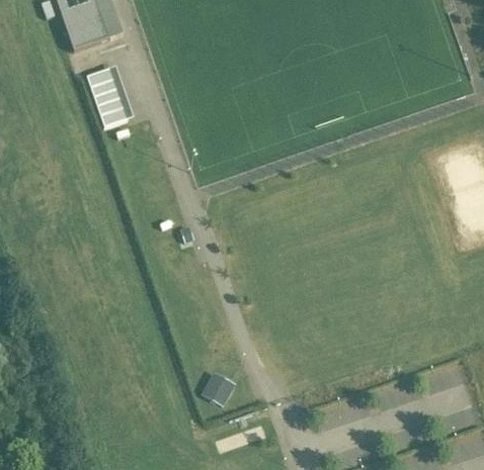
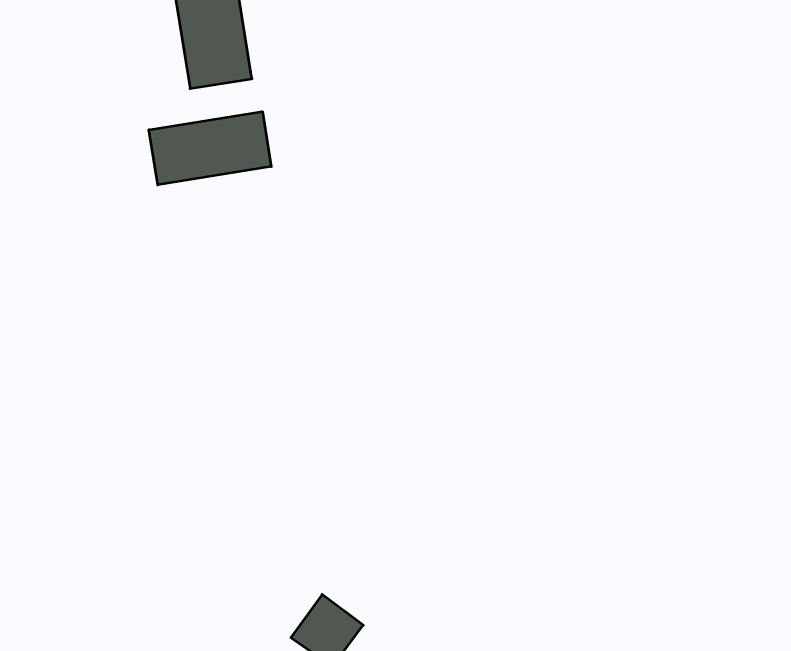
building: none -> [149,112,271,185]

